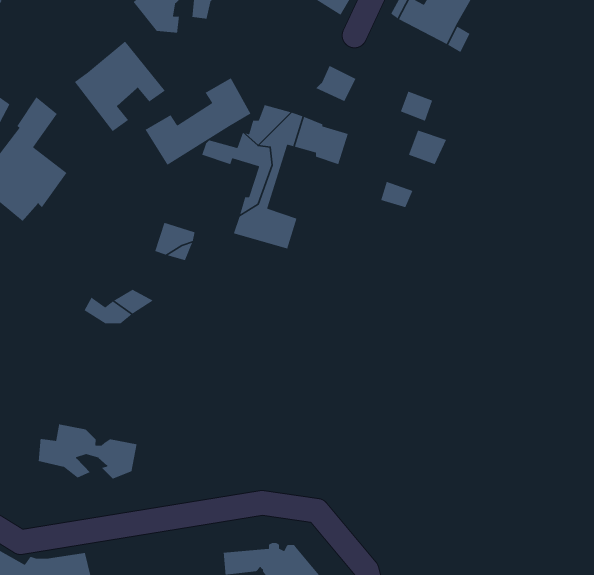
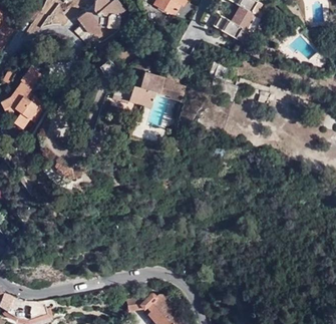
building: [74,41,166,132] -> none
building: [144,77,252,166] -> none
building: [38,424,137,480] -> none

